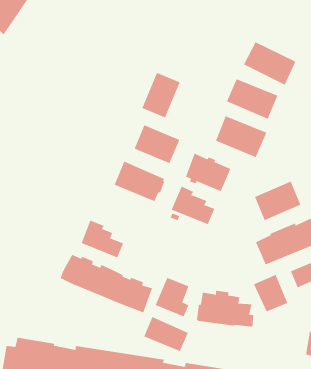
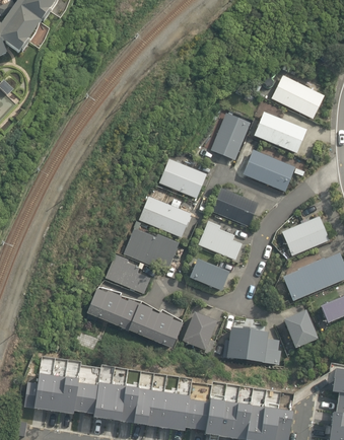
building: [141,72,180,118] -> [209,112,249,158]
building: none -> [123,227,177,270]
building: none -> [186,259,225,290]
building: [144,316,189,352] -> none

